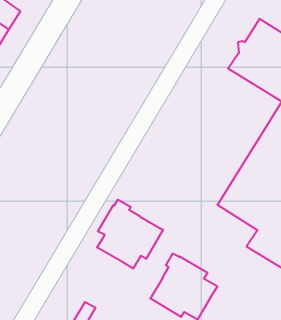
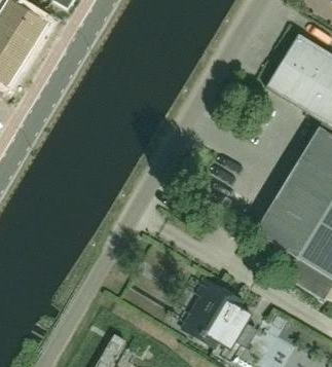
building: [97,200,163,269] -> none

